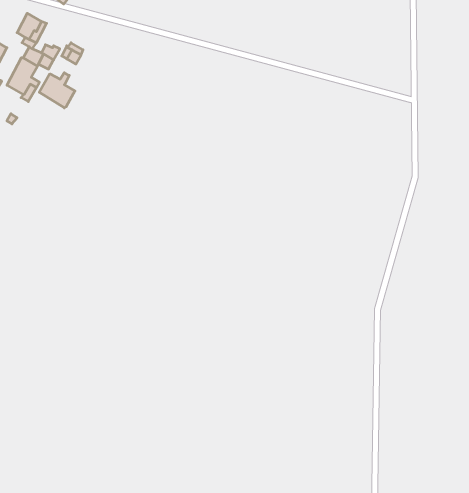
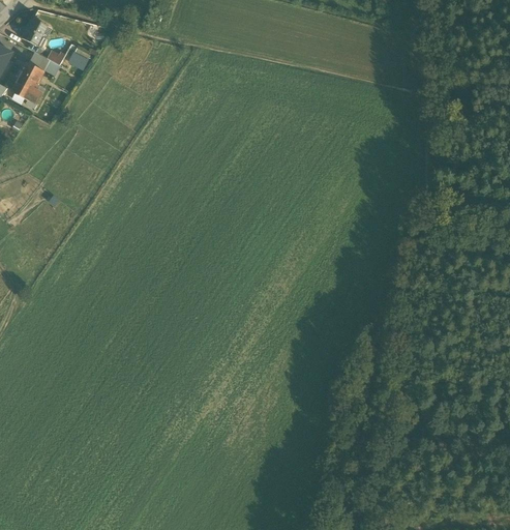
building: [39,73,75,108] -> none

